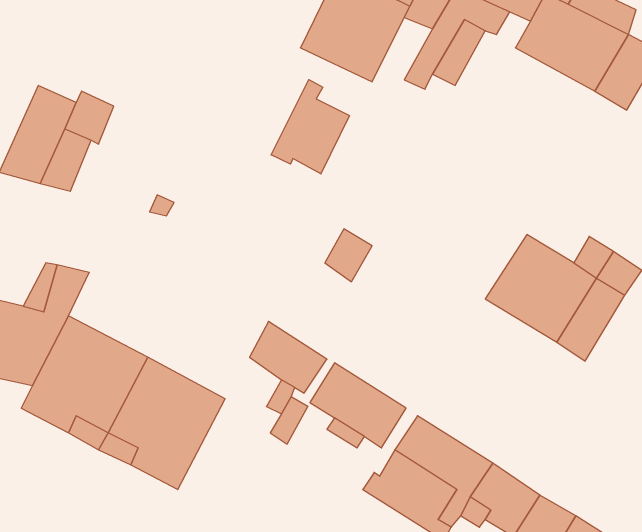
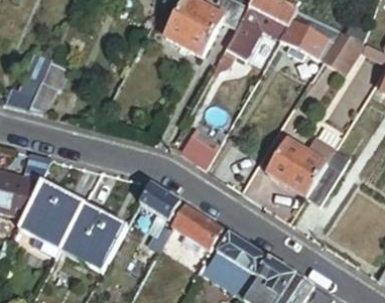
building: [271,80,350,174] -> none

